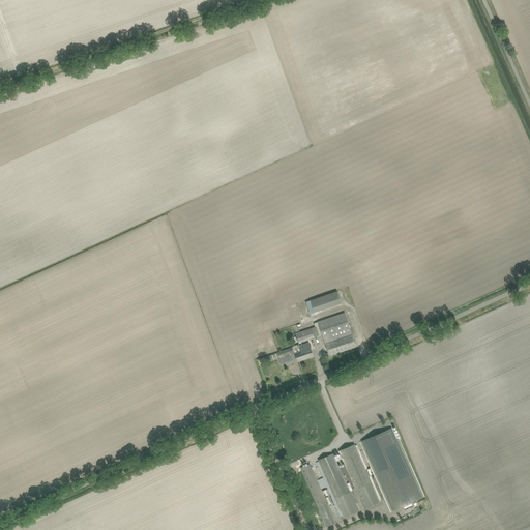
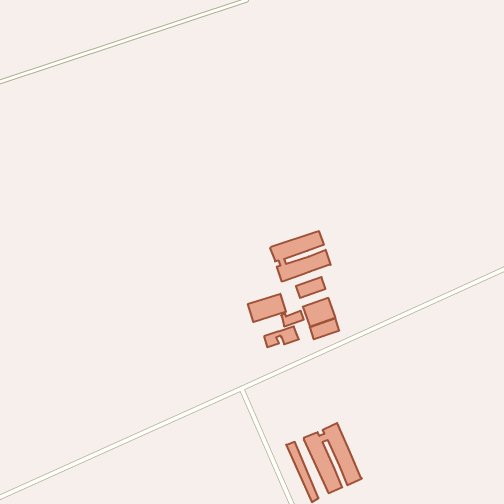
building: none -> [270,231,331,282]
building: none -> [248,294,286,322]
building: [361,428,422,511] -> none

